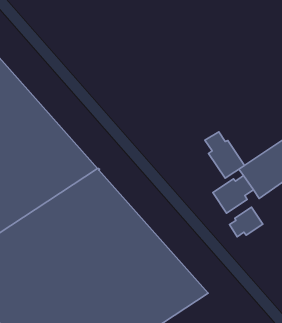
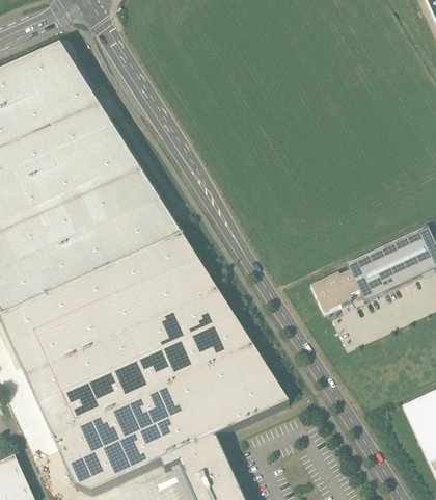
building: [205,132,244,178] -> none
building: [229,207,263,237] -> none

